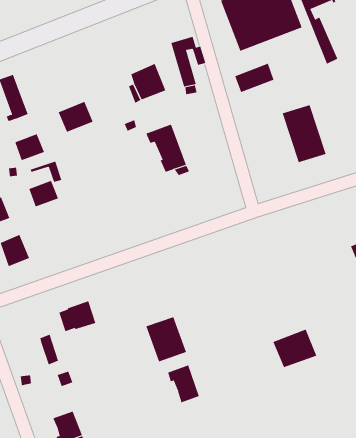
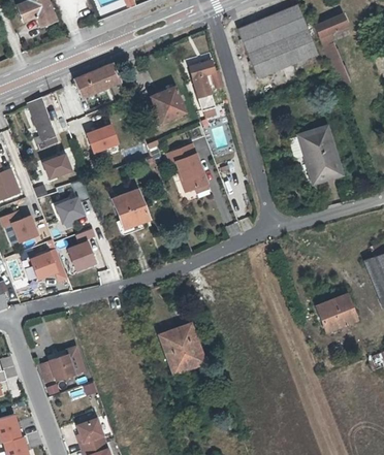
building: none -> [71,61,120,98]
building: [235,63,274,93] -> none
building: none -> [111,188,147,226]
building: none -> [68,238,97,269]
building: [58,300,96,332] -> [38,353,74,383]
building: [273,329,317,368] -> [317,295,359,332]
building: [167,364,200,403] -> none

